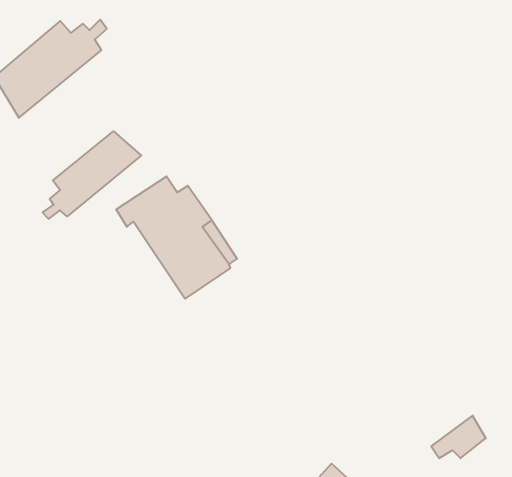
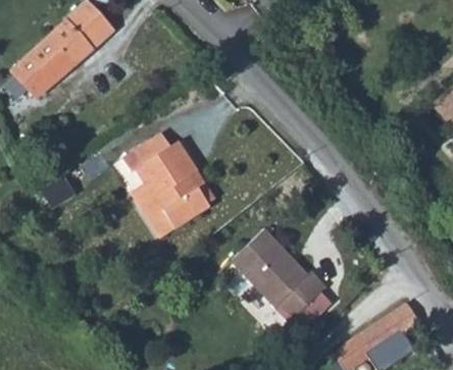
building: [43,131,141,219] -> none
building: none -> [229,234,321,328]

